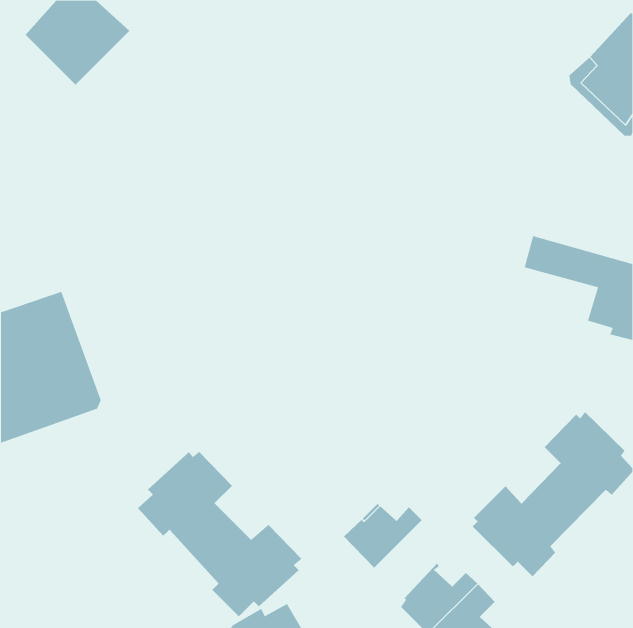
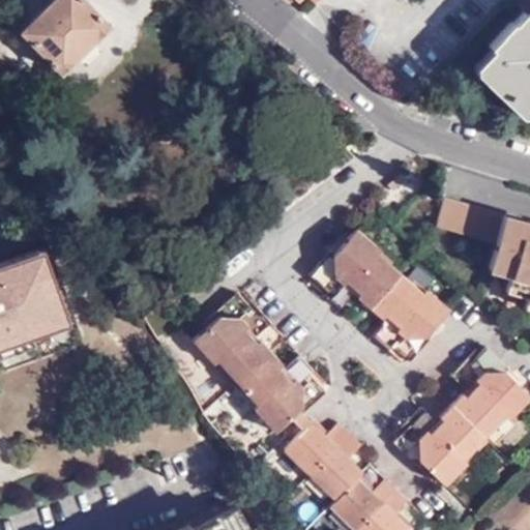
building: none -> [311,231,449,365]
building: [137,451,302,617] -> [193,295,330,434]
building: none -> [313,439,365,504]

